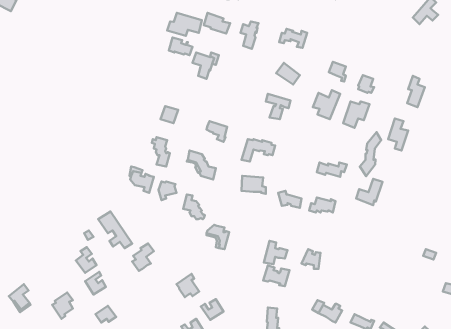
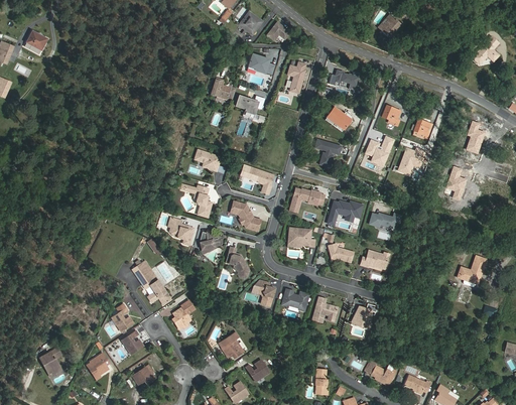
building: [167,13,202,36] -> none
building: [360,132,381,176] -> none
building: none -> [328,201,363,225]
building: [356,179,383,205] -> [458,256,486,284]
building: [263,266,290,286] -> [281,289,309,311]

